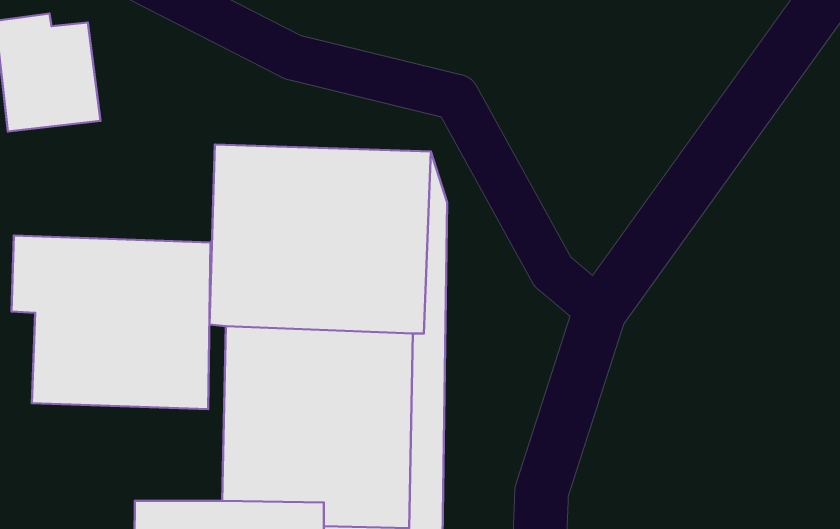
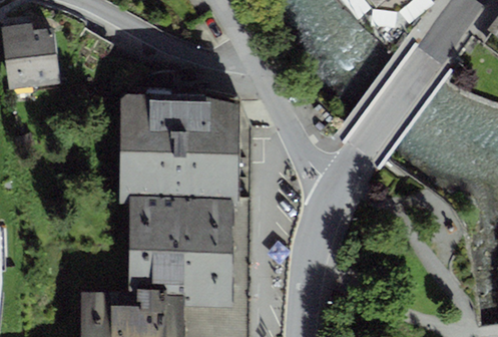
building: [11,236,210,409] -> none

